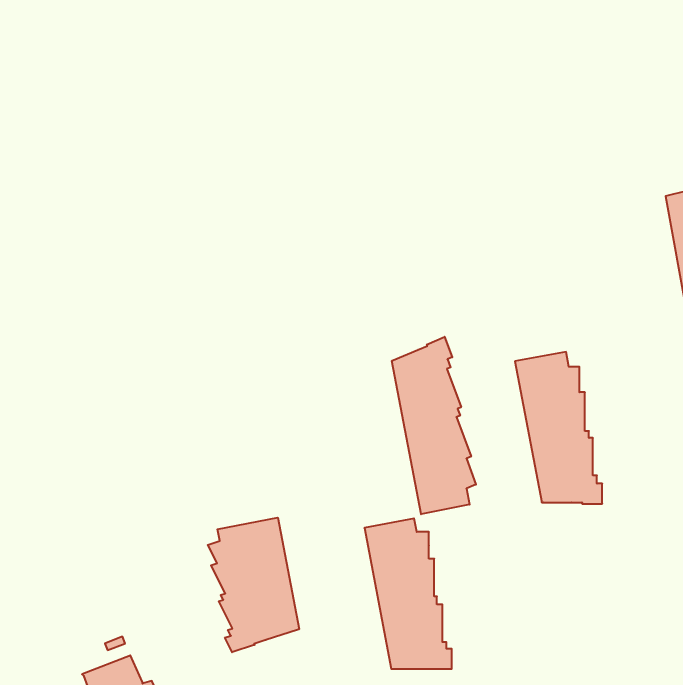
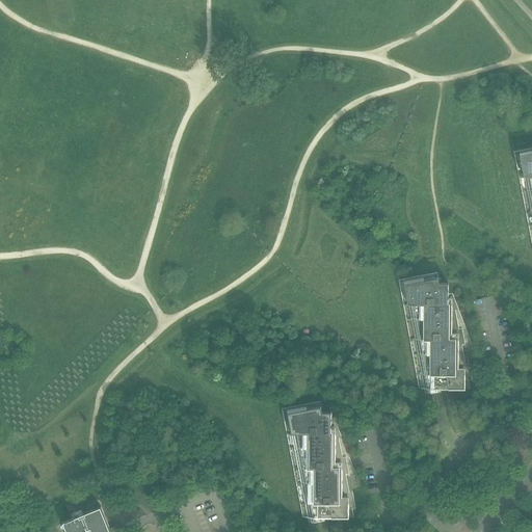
building: [392,337,476,514] -> none
building: [208,518,299,652] -> none

